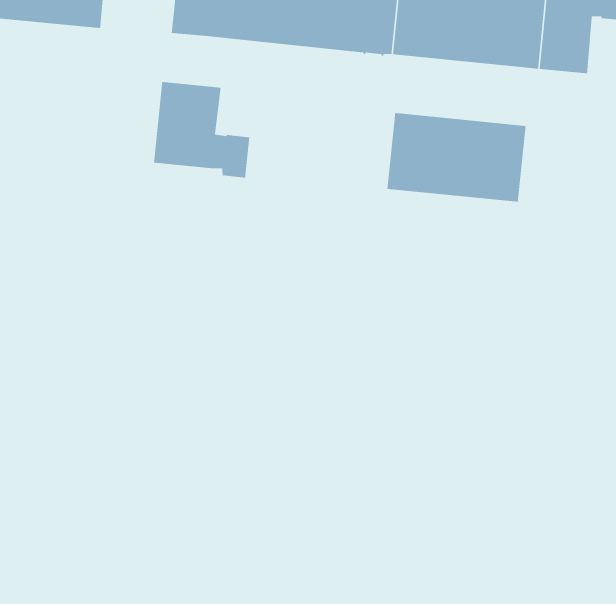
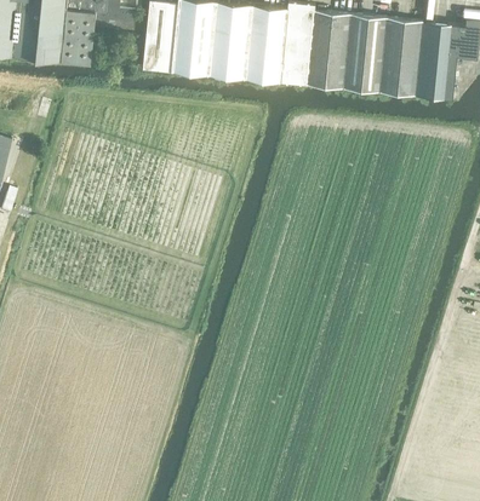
building: [153,81,250,178] -> none
building: [387,112,527,203] -> none

